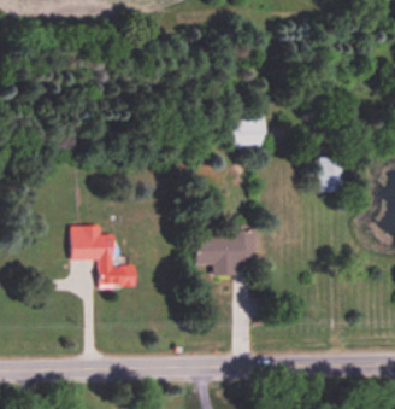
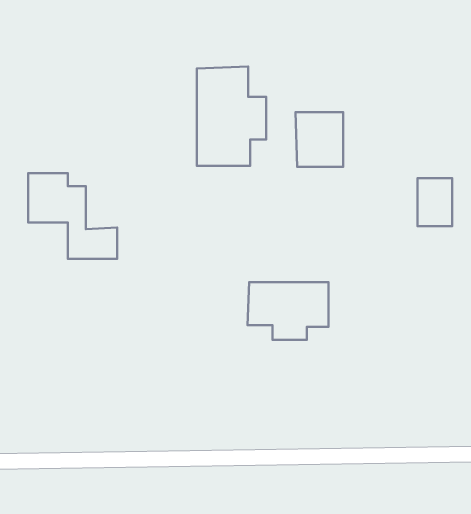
building: none -> [197,66,266,166]
building: [71,224,136,287] -> [28,173,117,259]

